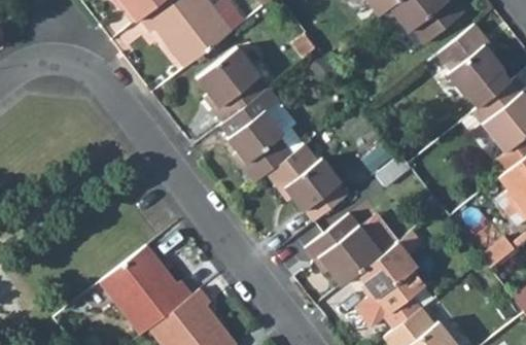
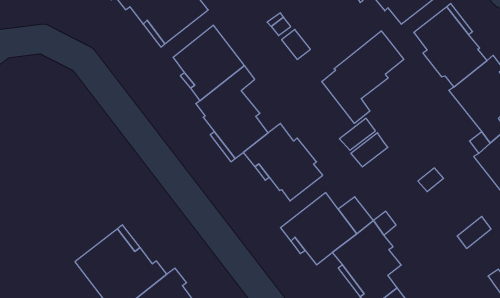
building: none -> [322,31,404,123]
building: [266,100,305,153] -> none

